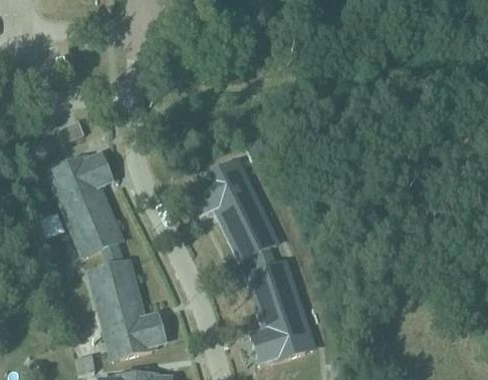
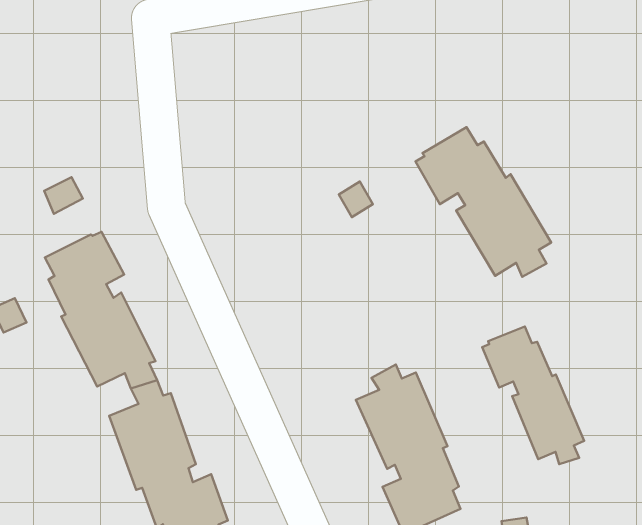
building: [196,164,277,262] -> [415,127,551,277]
building: none -> [482,326,584,464]

